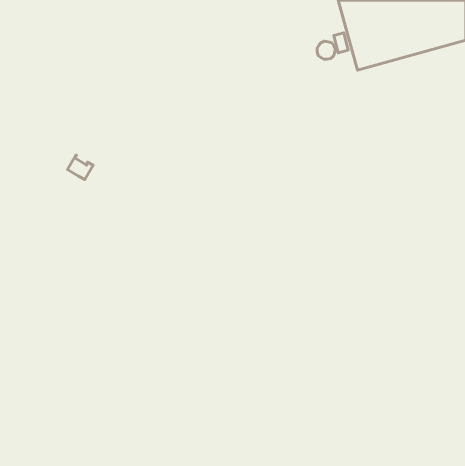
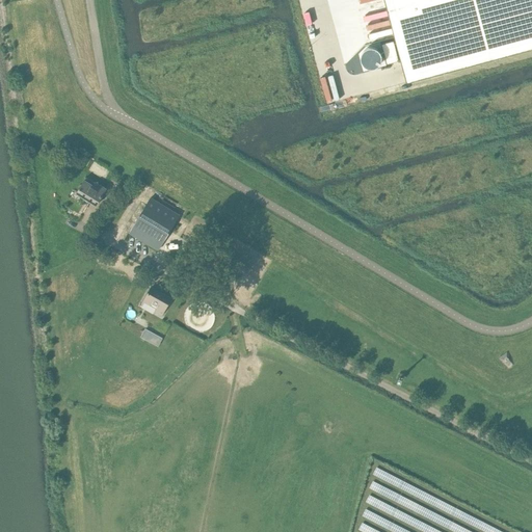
building: none -> [131,201,176,249]
building: none -> [143,287,172,315]

